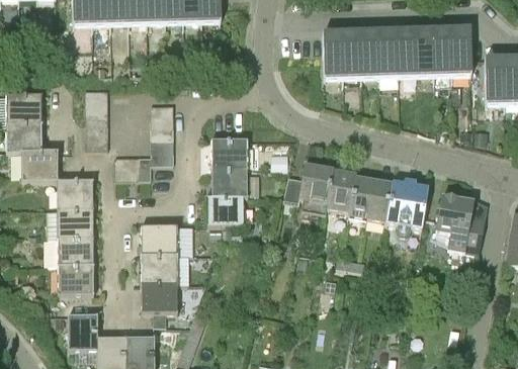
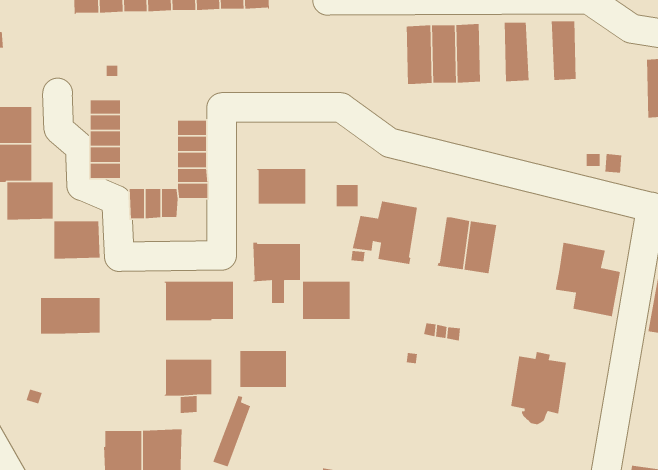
building: [450,27,471,73] -> none
building: [414,28,434,74] -> none
building: [378,29,398,75] -> none
building: [485,57,505,103] -> none
building: [210,167,248,196] -> [301,281,351,320]
building: [326,169,356,210] -> none
building: [385,179,428,235] -> [511,351,567,425]
building: [58,207,94,237] -> none
building: [142,255,177,283] -> [240,350,287,388]
building: [58,264,94,294] -> none
building: [68,312,97,349] -> none

